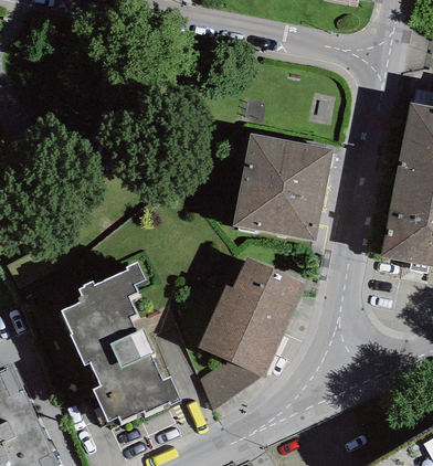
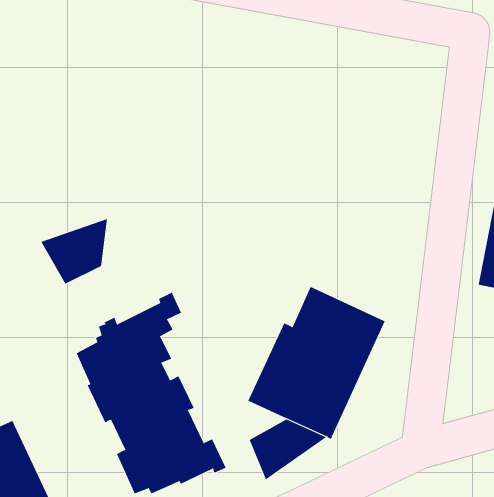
building: [232,133,332,241] -> none
building: none -> [41,218,107,285]

